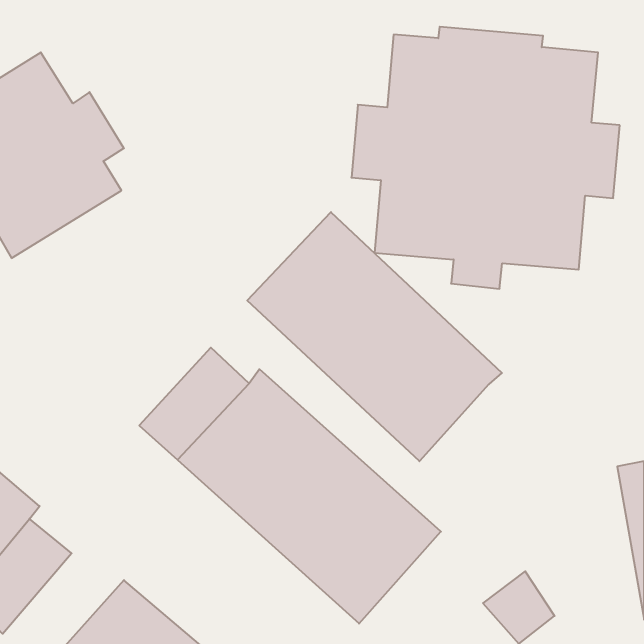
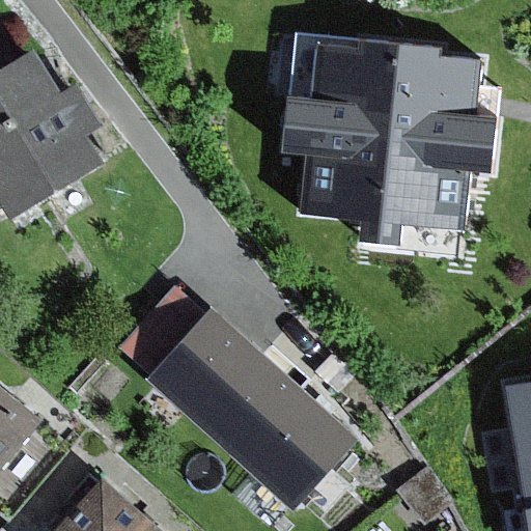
building: [247,212,502,461] -> none

